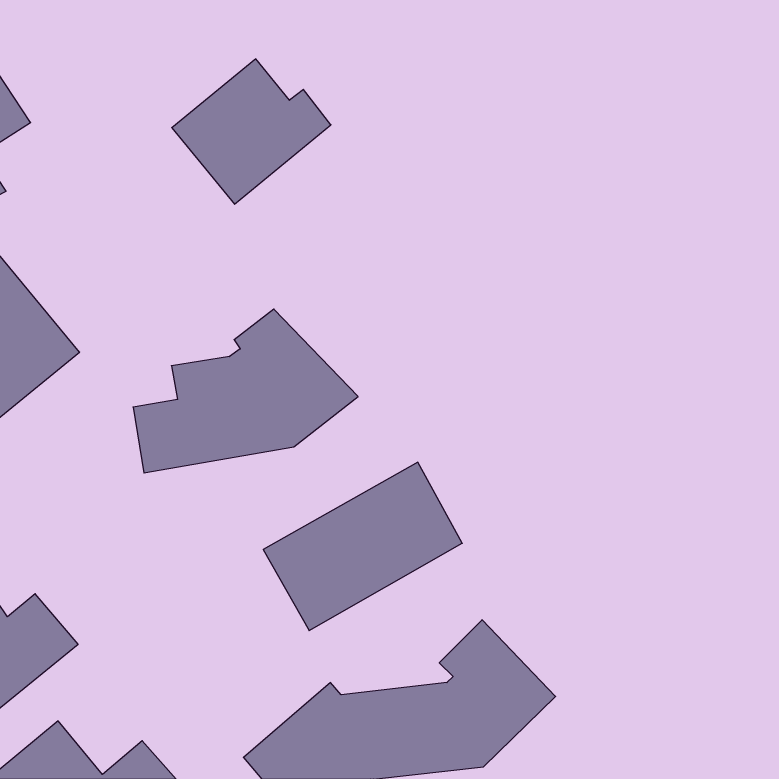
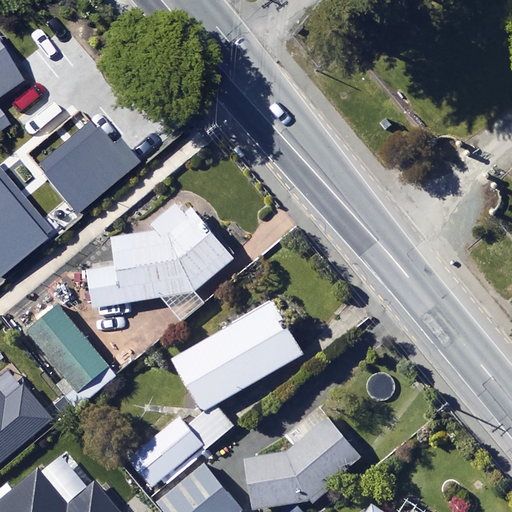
building: [172,59,331,204] -> [34,117,138,212]
building: none -> [29,308,114,402]
building: none -> [129,407,229,488]

